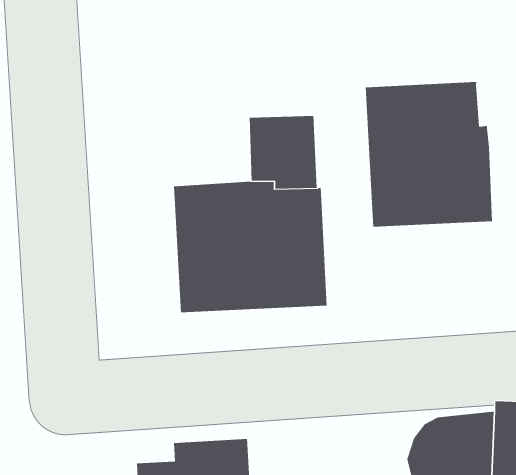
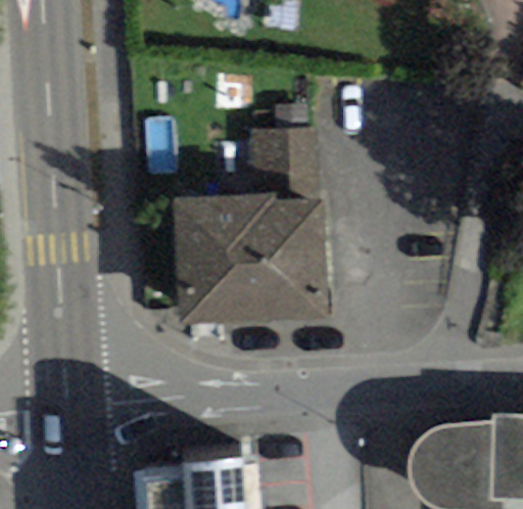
building: [365,81,492,227] -> none

